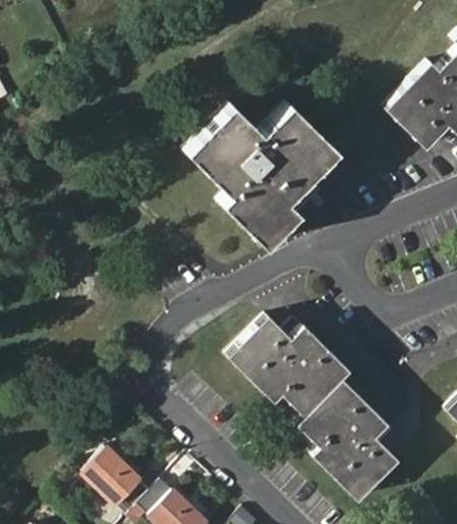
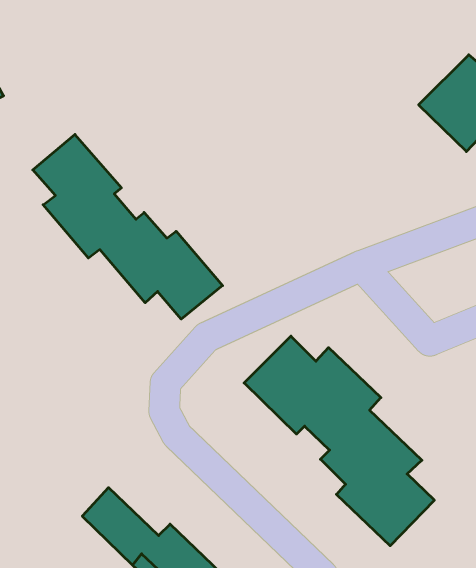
building: [185,101,339,246] -> none
building: none -> [33,134,223,319]

